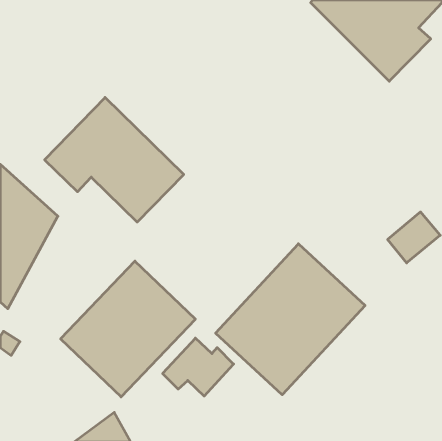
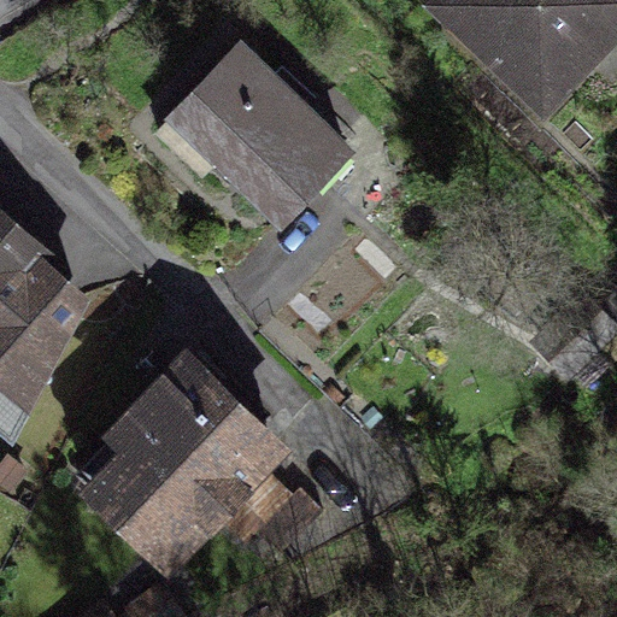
building: [45,97,184,222] -> [157,45,351,218]
building: [216,244,365,395] -> none

